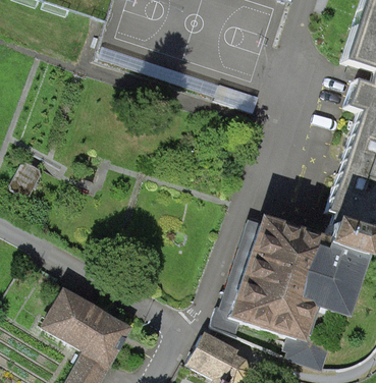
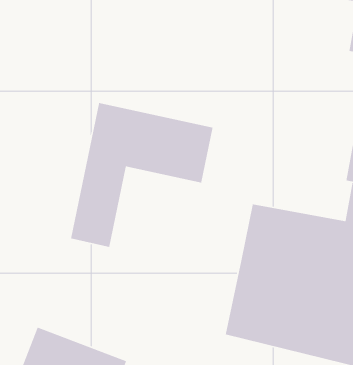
building: none -> [70,102,213,248]

